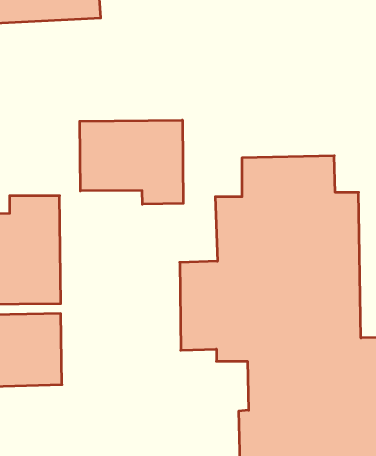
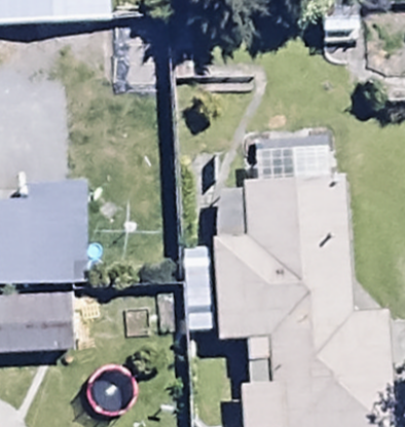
building: [80,120,183,204] -> none

